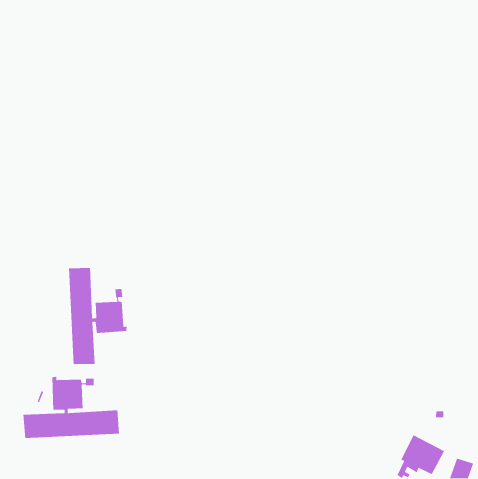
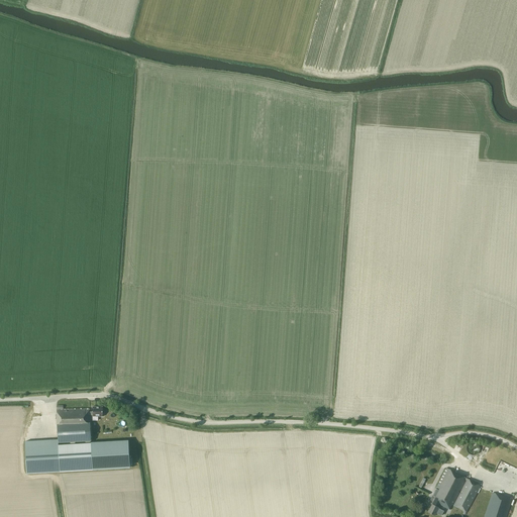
building: [68,267,128,365] -> none

